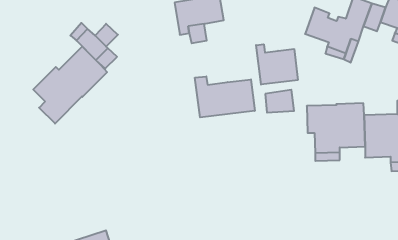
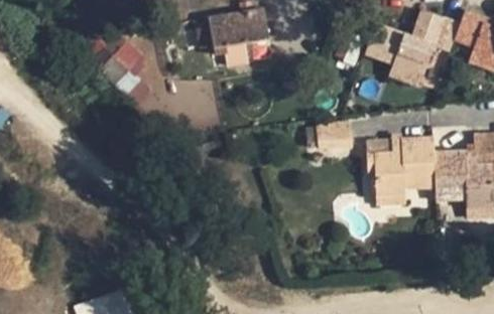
building: [256,44,298,85] -> none
building: [33,47,107,124] -> none
building: [195,76,255,117] -> none

